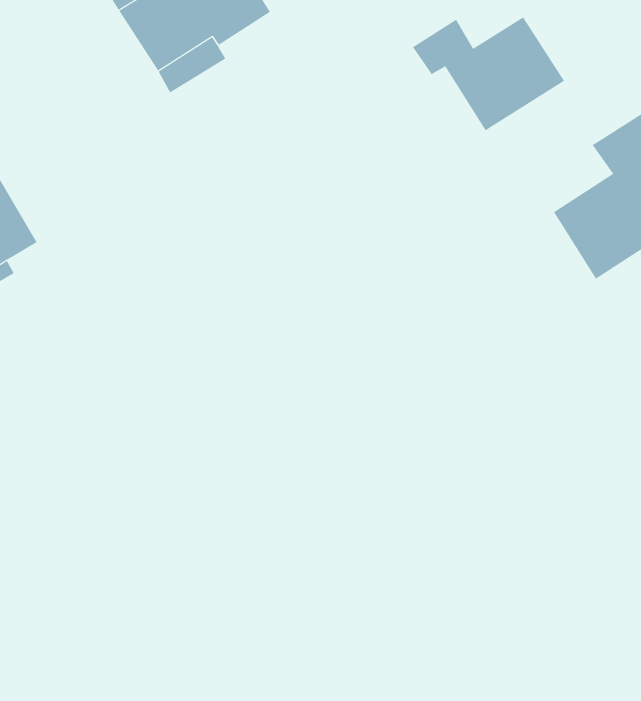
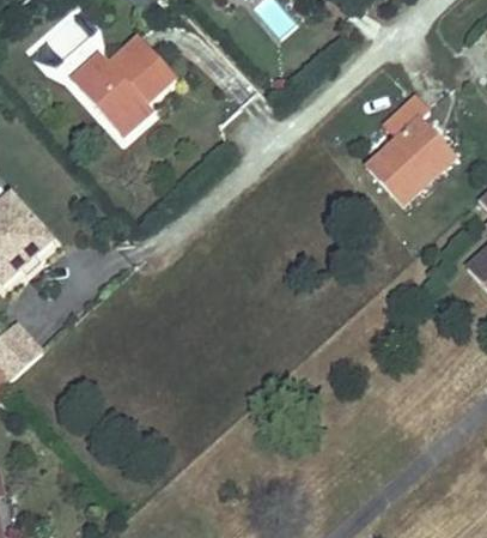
building: [412,16,565,131] -> none

